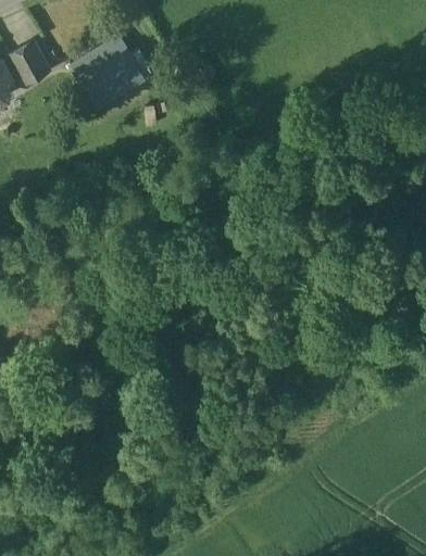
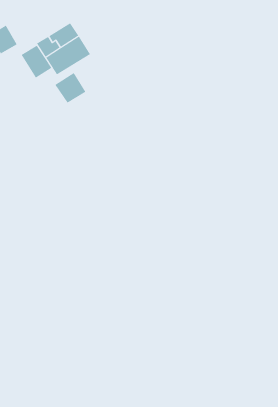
building: none -> [21,45,52,79]
building: none -> [55,72,86,104]

